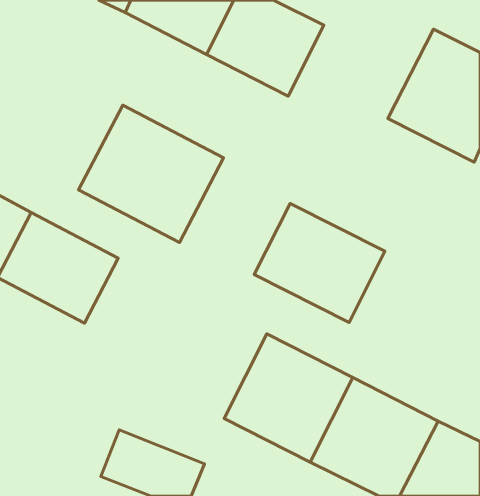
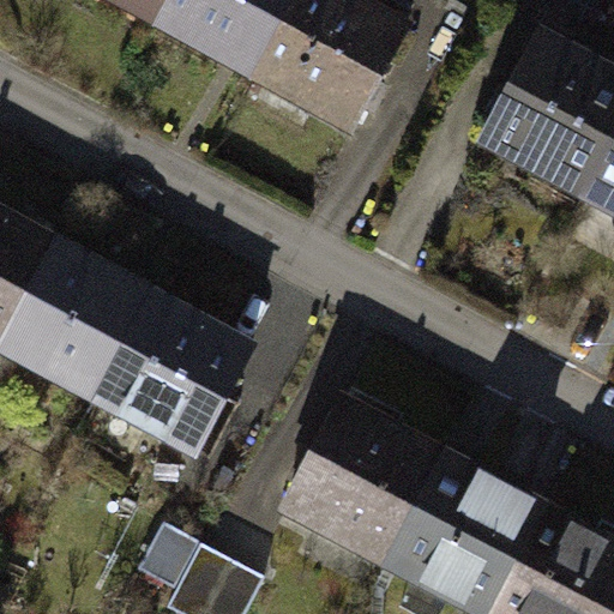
building: [79,105,224,243] -> none
building: [254,203,385,322] -> none
building: none -> [104,319,254,456]

